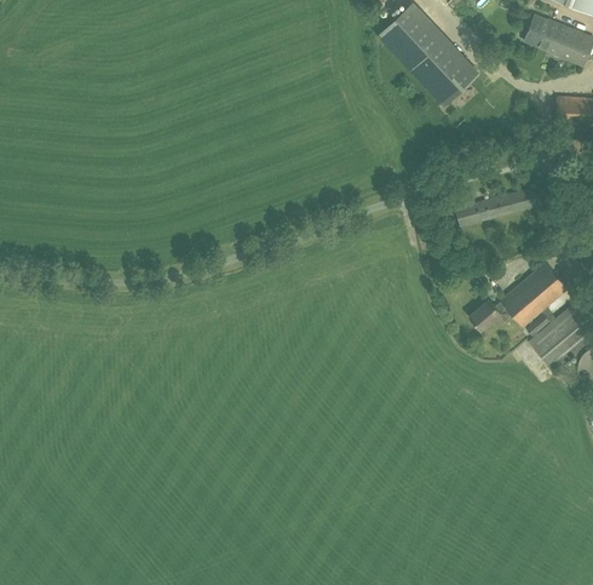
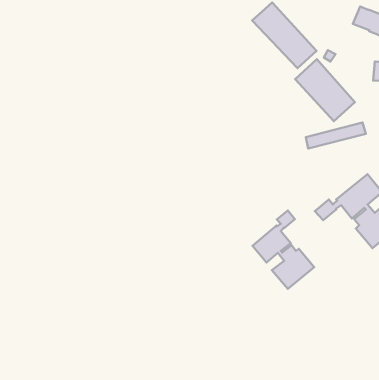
building: none -> [295,59,355,121]
building: none -> [252,210,314,289]

